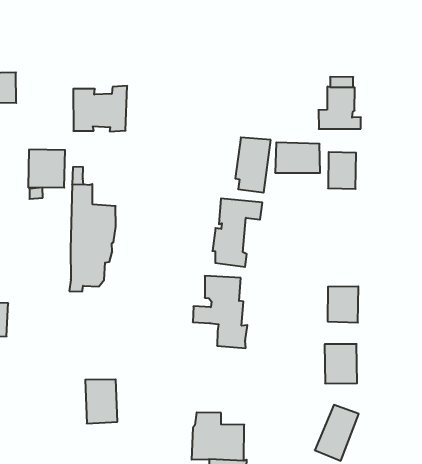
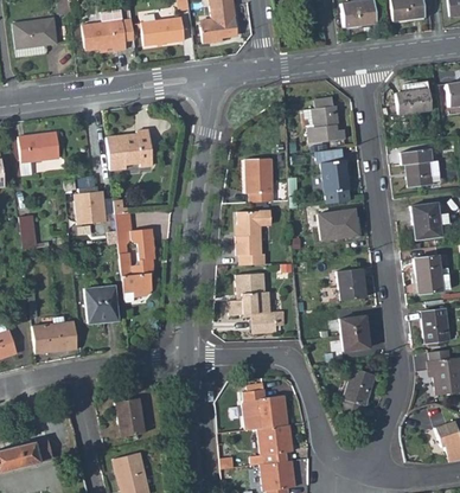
building: [275,142,320,173] -> [318,211,357,239]
building: none -> [84,286,117,324]
building: [85,379,117,423] -> [114,398,145,437]

